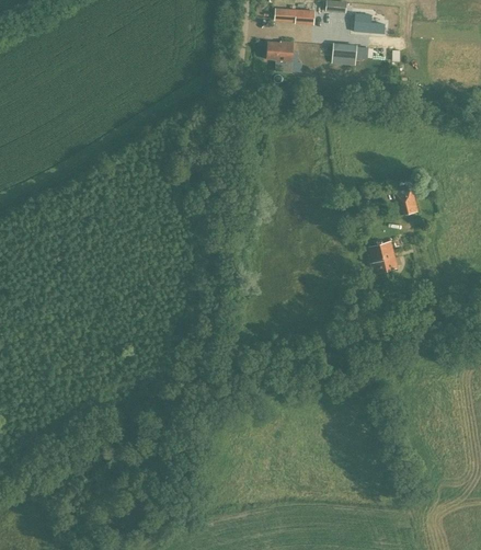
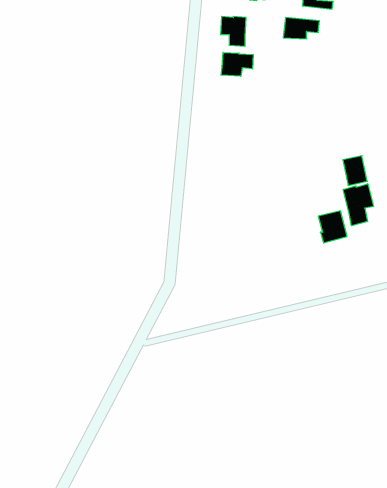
building: none -> [221,52,253,76]
building: none -> [343,184,373,226]

